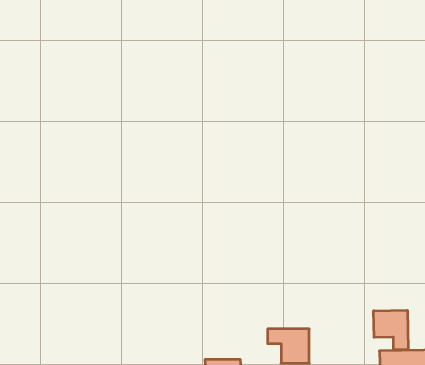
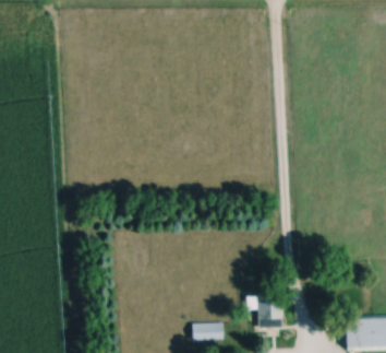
building: [374,310,408,350] -> none

